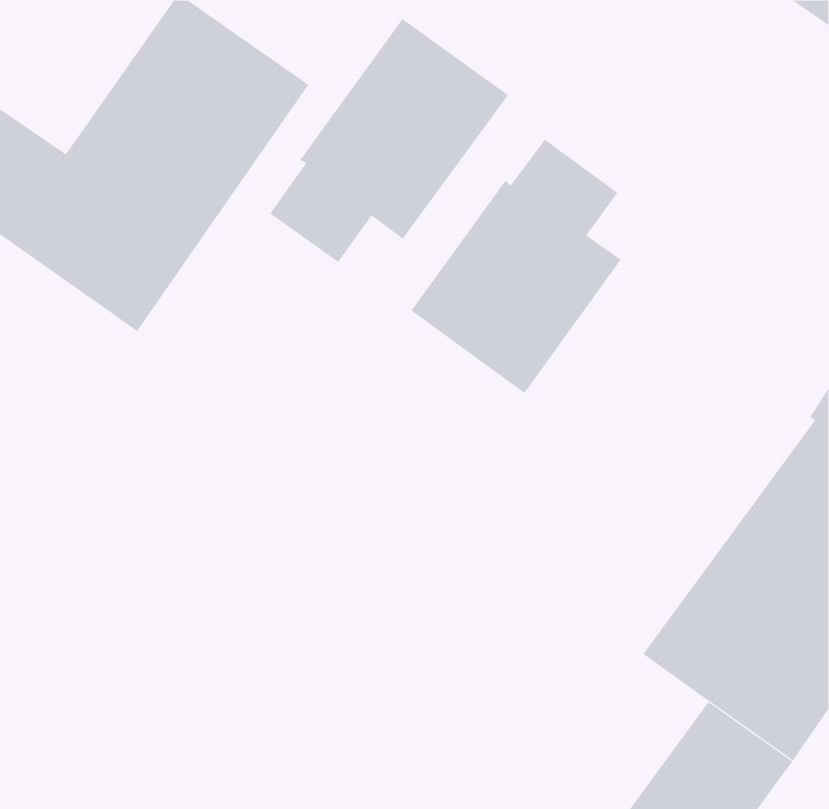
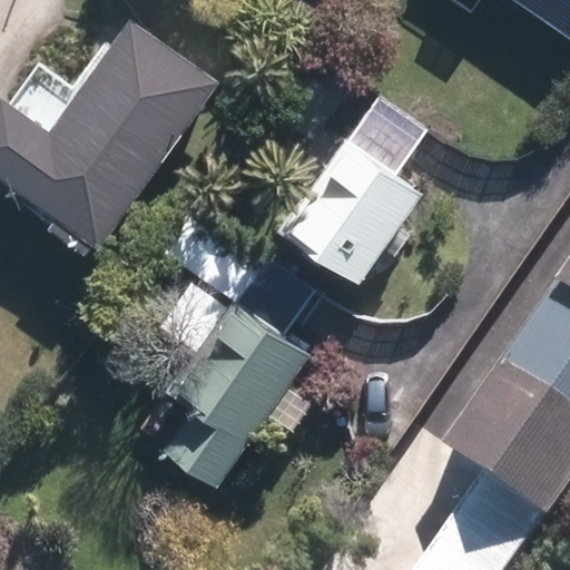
building: [270,18,509,263] -> none
building: none -> [161,263,315,488]

